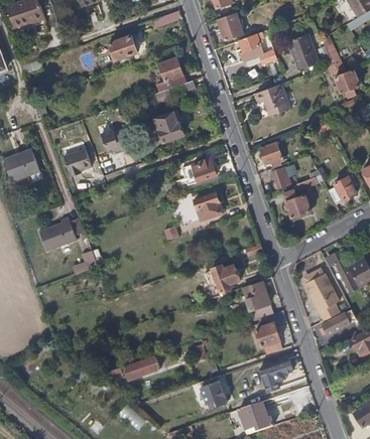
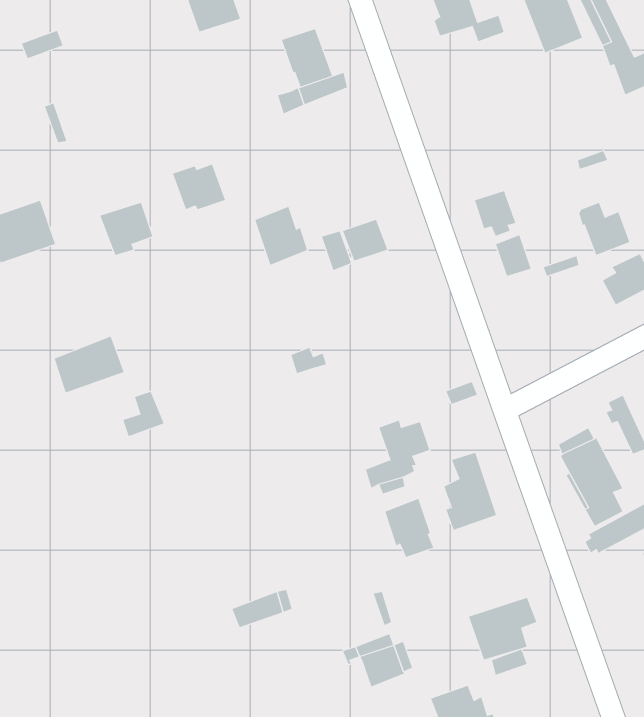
building: [256,84,290,116] -> none
building: [156,111,184,142] -> [255,206,308,265]
building: [283,188,311,216] -> [579,202,630,255]
building: [195,191,220,218] -> none
building: [257,322,283,353] -> [384,498,434,557]

